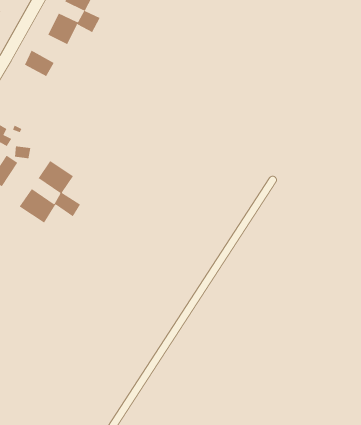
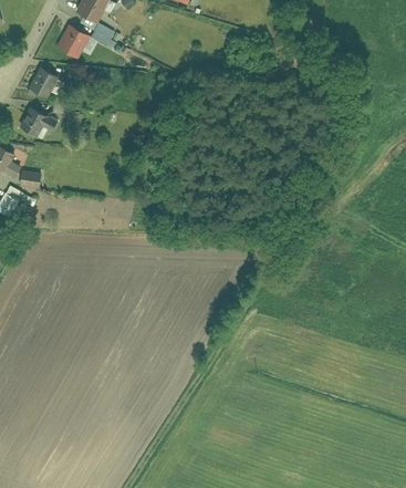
building: none -> [18,107,58,139]
building: [19,160,81,223] -> none

